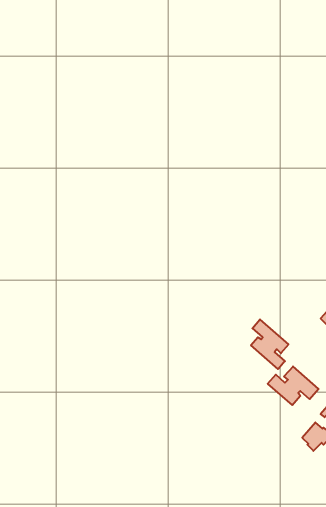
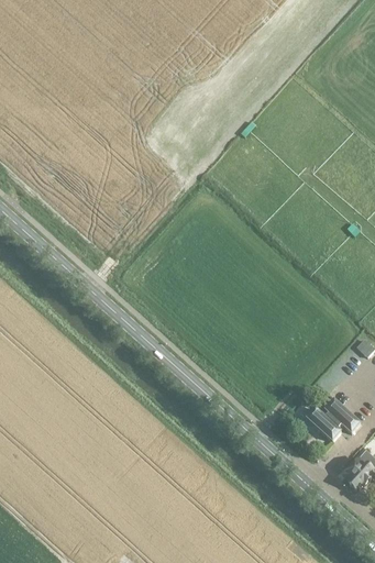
building: [251,319,288,369] -> none

